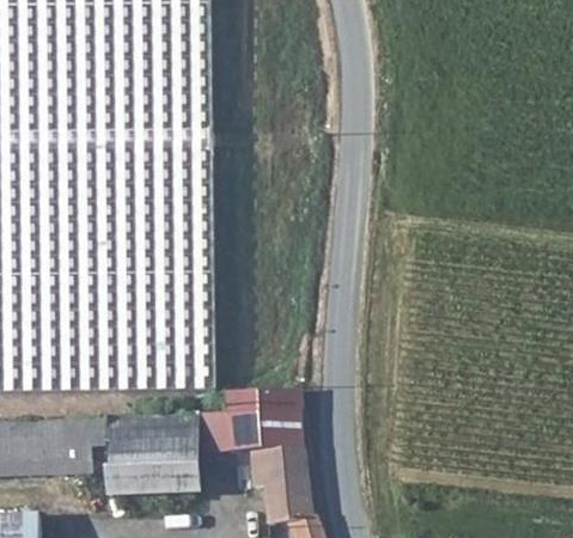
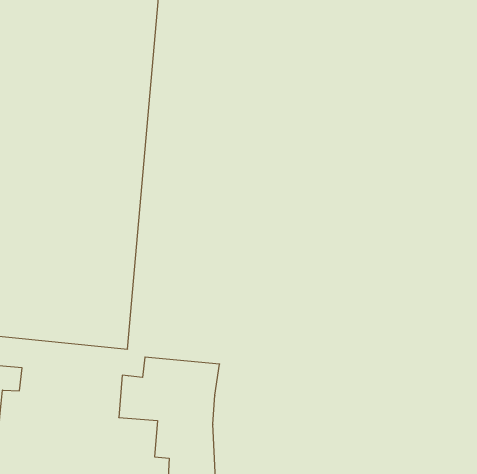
building: [109,415,200,499] -> none

